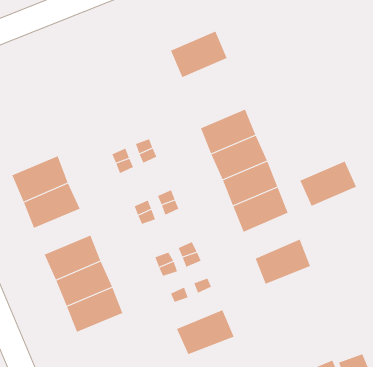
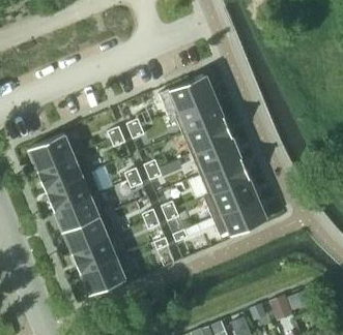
building: [170,31,227,78] -> [169,74,215,112]
building: [299,161,357,207] -> [212,179,258,215]
building: none -> [46,176,91,212]
building: [176,309,235,355] -> [80,258,126,295]

